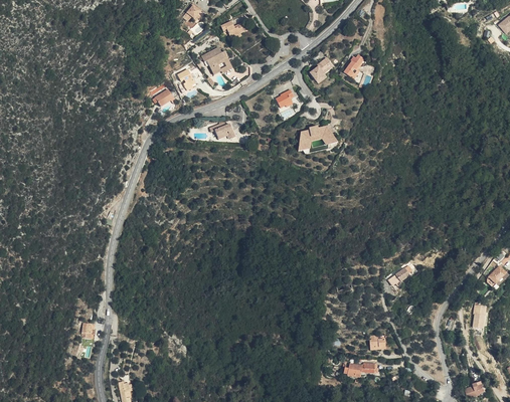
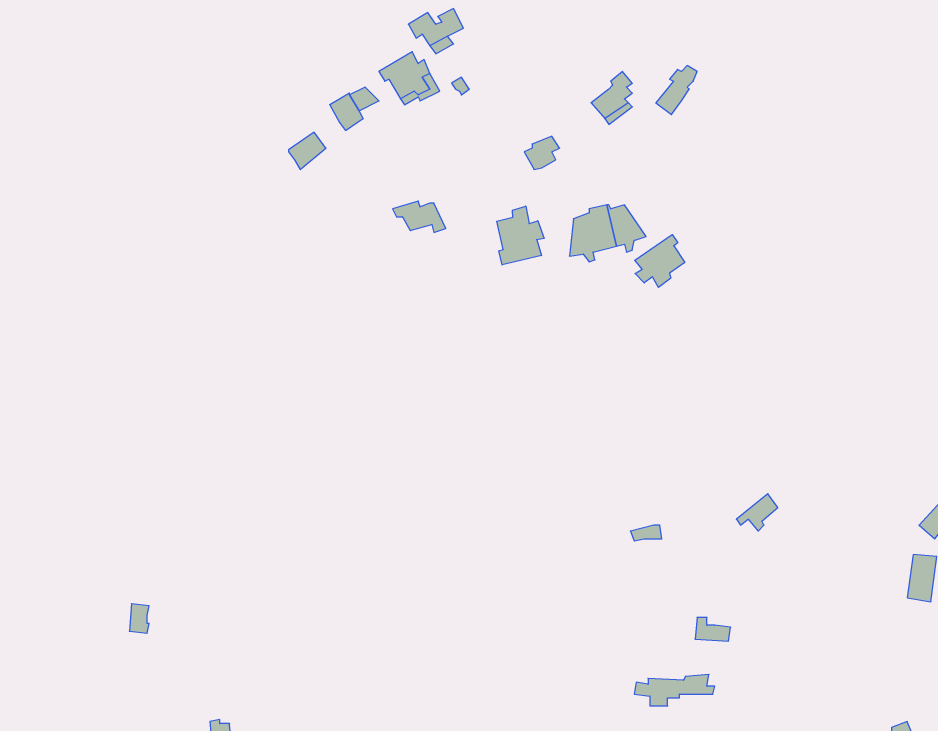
building: none -> [497,206,544,265]
building: none -> [635,235,685,287]

